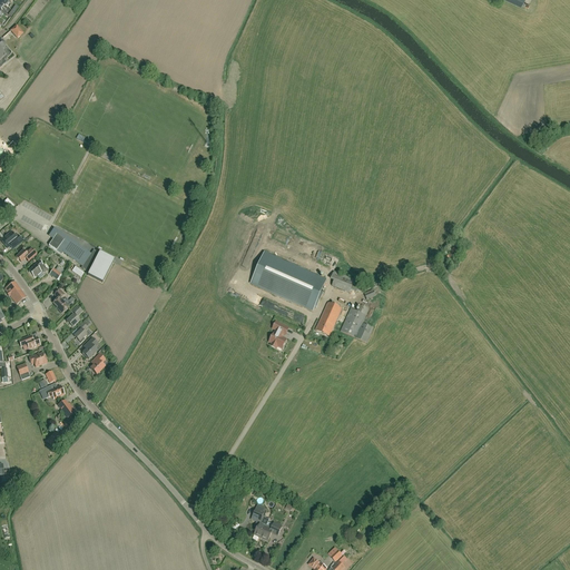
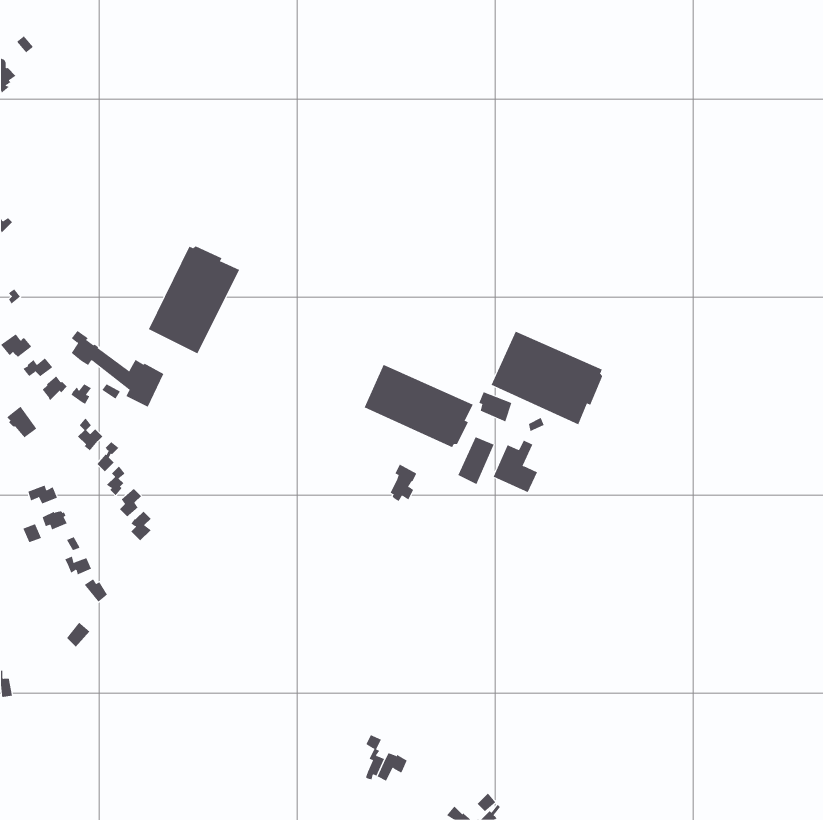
building: none -> [148,246,240,354]
building: none -> [491,331,603,425]

